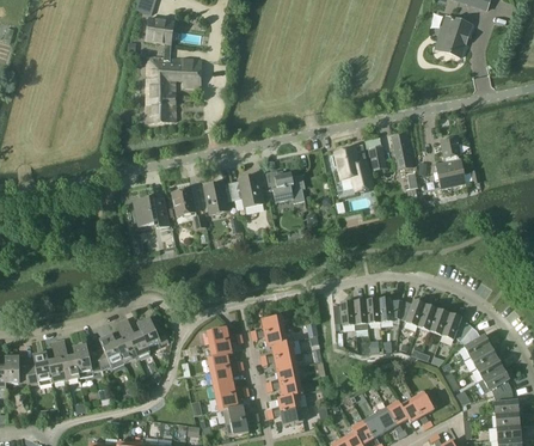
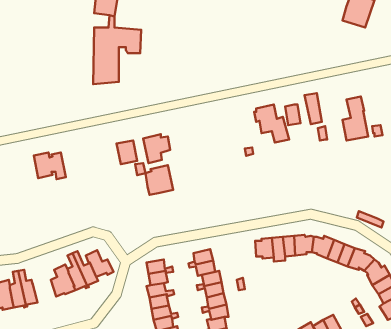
building: [265,170,305,202] -> none
building: [232,173,264,208] -> [145,165,173,195]
building: [133,196,170,227] -> [34,152,66,179]
building: [73,342,102,377] -> none

